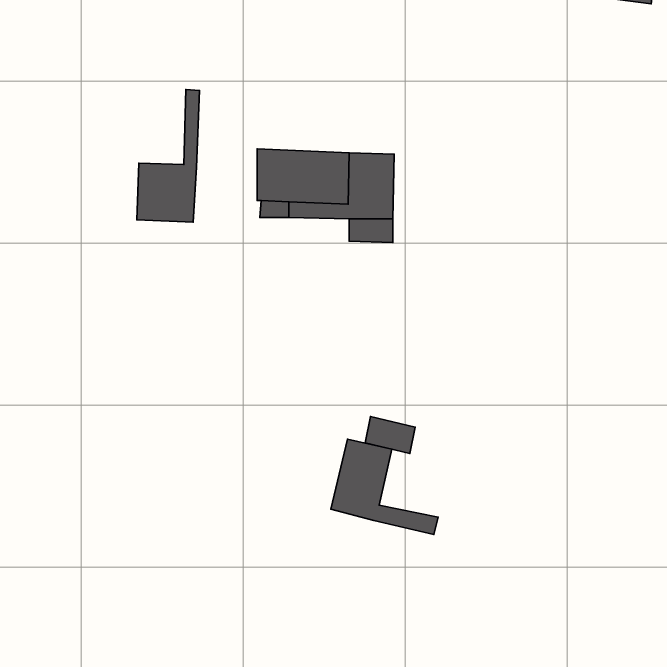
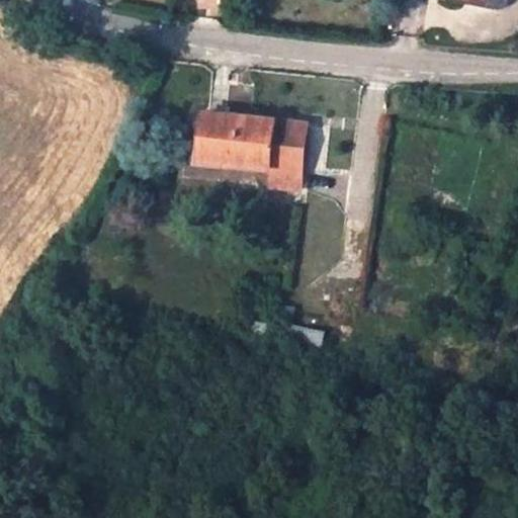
building: [137,89,200,222] -> none
building: [331,439,438,534] -> none

